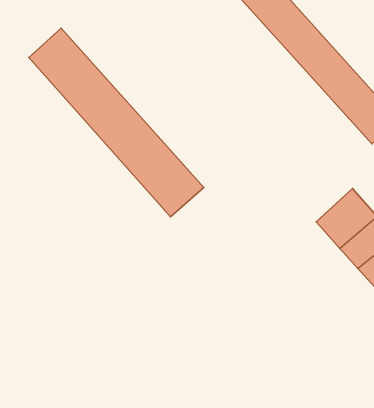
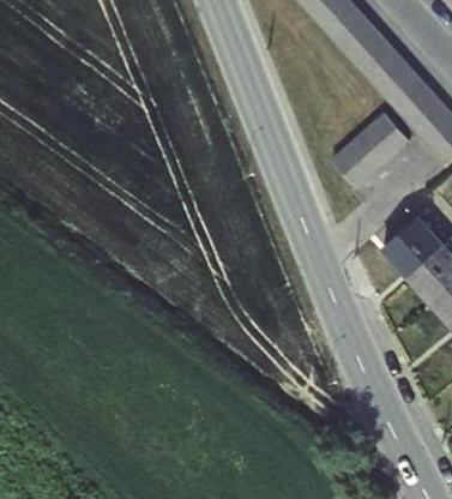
building: [29,28,204,217] -> none
building: none -> [330,113,410,190]

